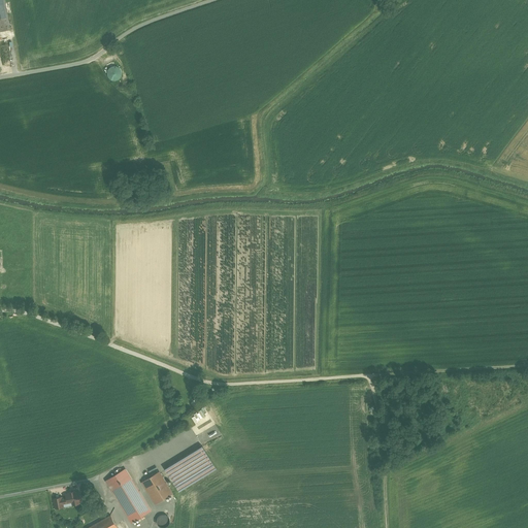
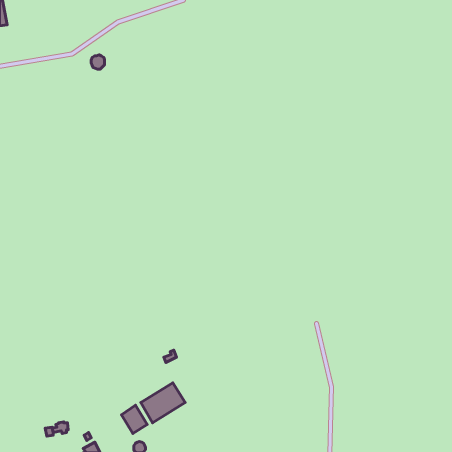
building: [105,470,150,523] -> none

